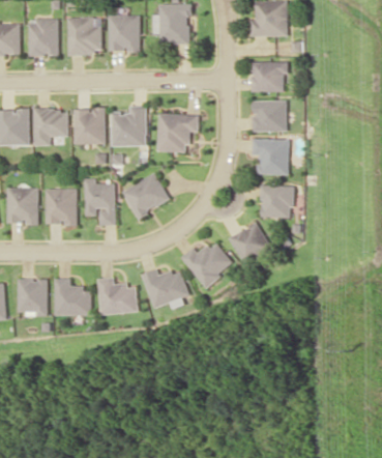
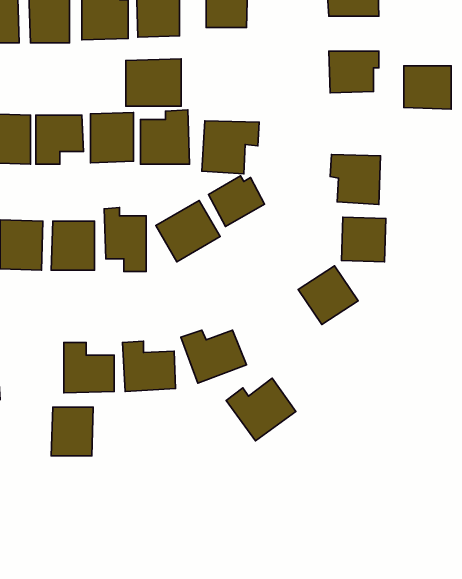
building: none -> [126,59,181,106]
building: [252,101,287,133] -> [404,66,451,109]
building: none -> [208,176,264,227]
building: [181,240,233,287] -> [226,378,296,441]
building: [17,279,48,315] -> [51,407,93,456]

